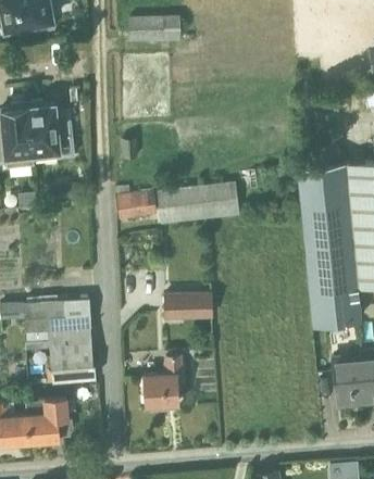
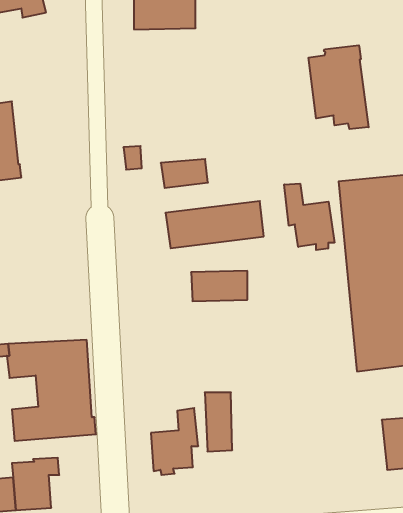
building: none -> [309,45,369,129]
building: [27,101,75,159] -> none
building: none -> [284,184,334,250]
building: [115,196,154,219] -> [161,159,208,188]
building: [164,294,211,319] -> [191,271,247,301]

